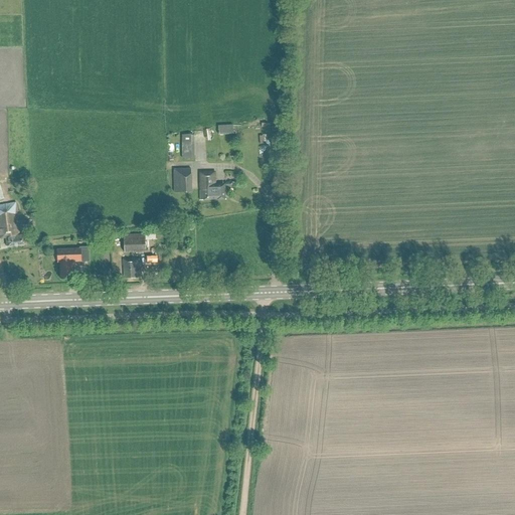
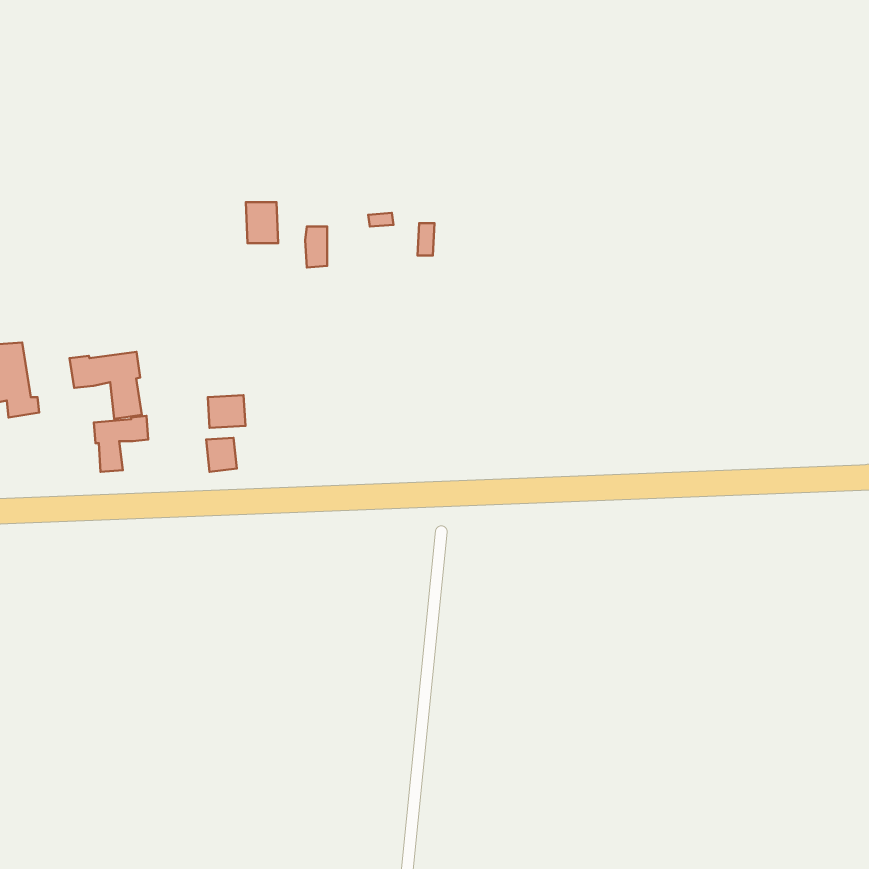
building: [172,168,191,192] -> [246,202,278,243]
building: [199,170,233,199] -> none
building: none -> [70,352,142,419]

